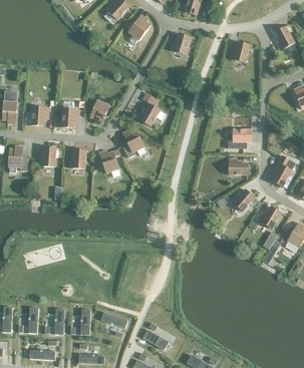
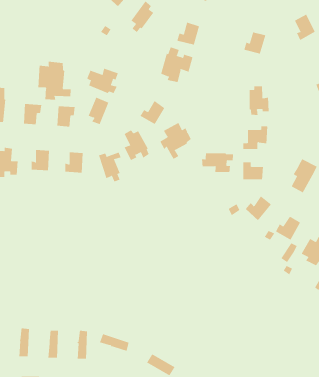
building: none -> [160,46,193,83]
building: none -> [38,61,71,100]
building: none -> [86,68,118,94]
building: none -> [249,85,269,116]
building: none -> [159,122,192,160]
building: none -> [202,153,233,173]

